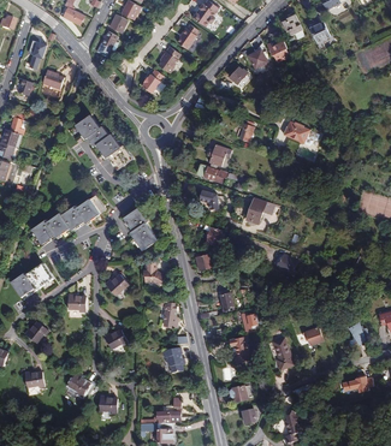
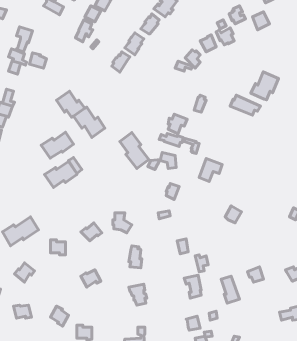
building: none -> [251,72,278,100]
building: [123,208,158,251] -> [120,132,149,169]
building: [30,214,69,245] -> [41,132,73,158]

